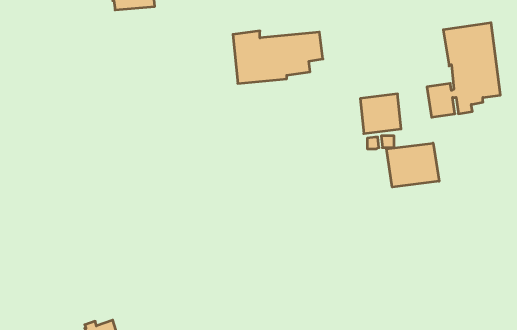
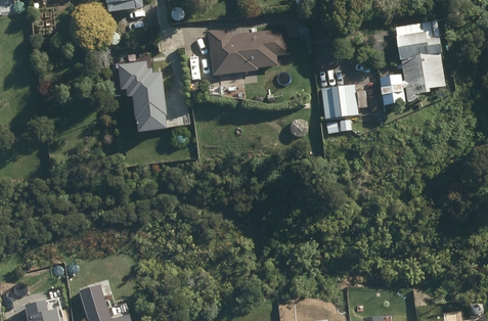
building: none -> [120,60,172,132]
building: [386,143,439,187] -> none

